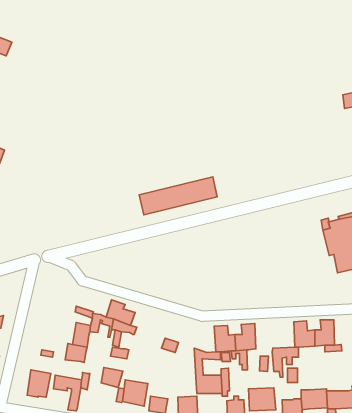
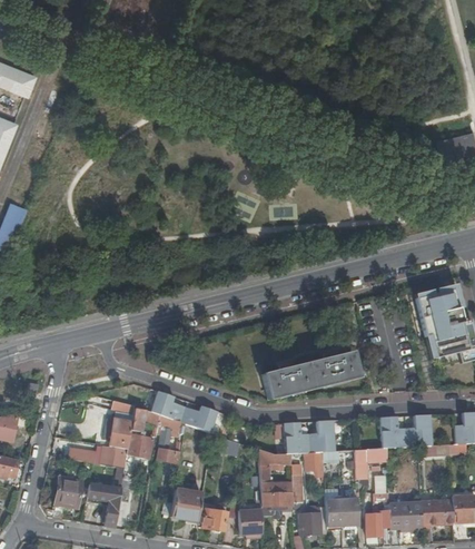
building: [139,177,217,215] -> [261,353,357,400]
building: none -> [180,405,217,432]
building: [101,368,123,387] -> [126,434,152,459]

